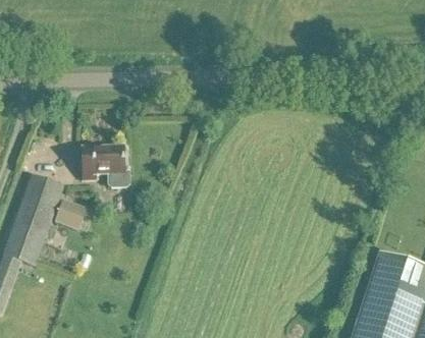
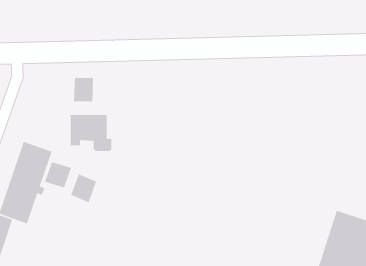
building: none -> [74,77,94,102]
building: none -> [70,173,97,203]

